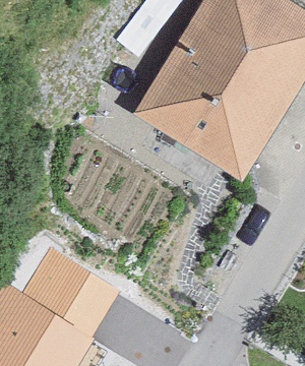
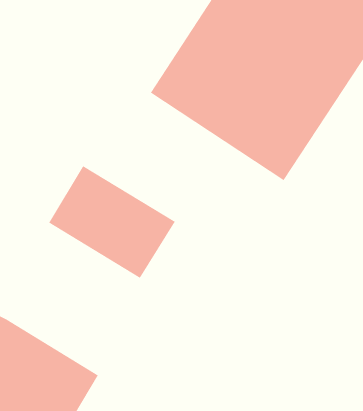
building: [20,245,122,336] -> [48,165,176,279]

